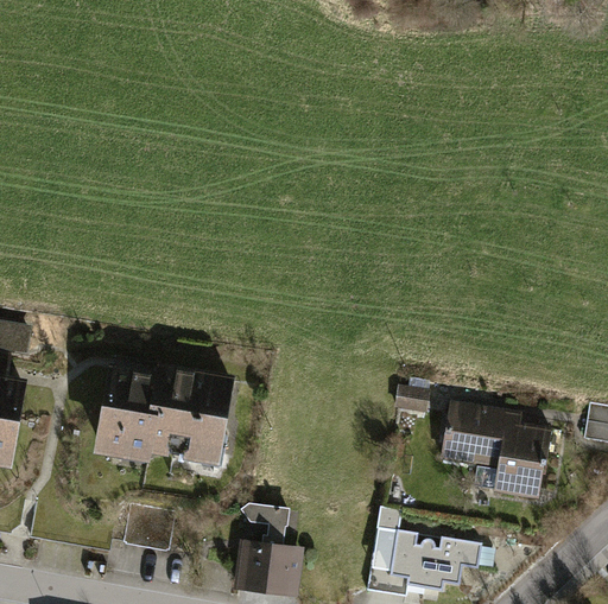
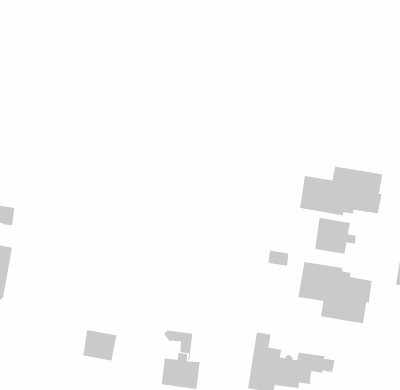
building: none -> [300,166,383,216]
building: none -> [314,217,356,255]
building: [99,368,230,468] -> none

